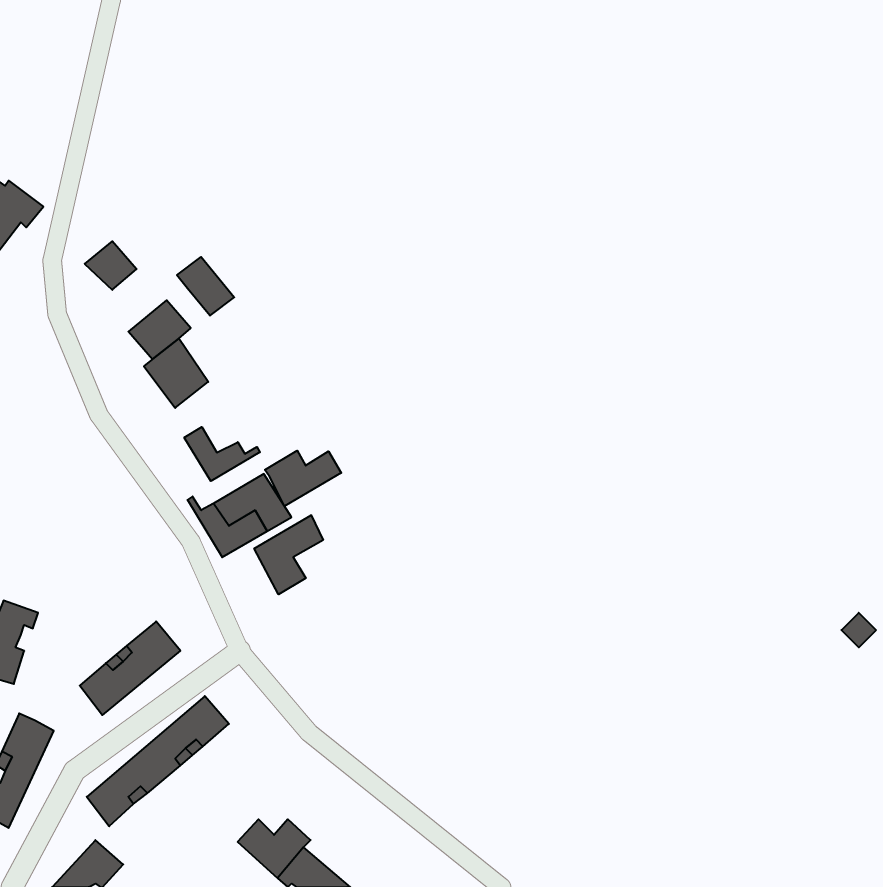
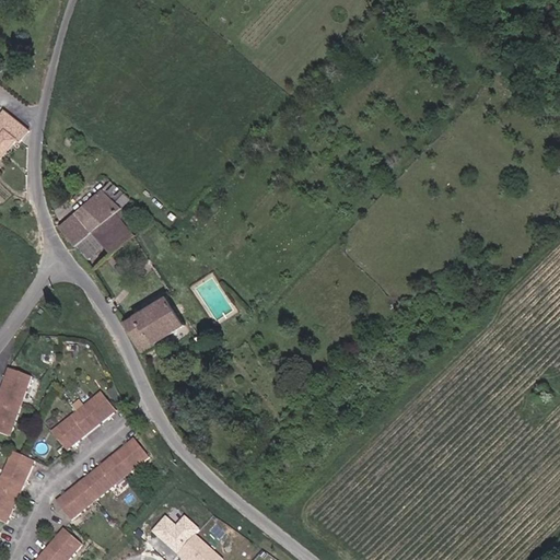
building: [85,241,137,290] -> [56,215,89,246]
building: [177,257,234,316] -> none
building: [184,427,260,481] -> none
building: [265,451,341,506] -> none
building: [254,515,323,594] -> none

